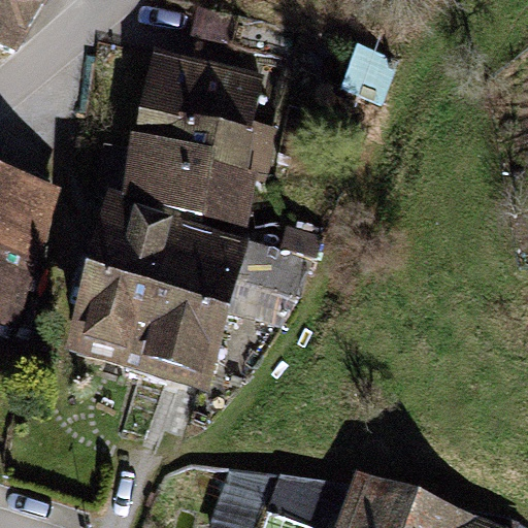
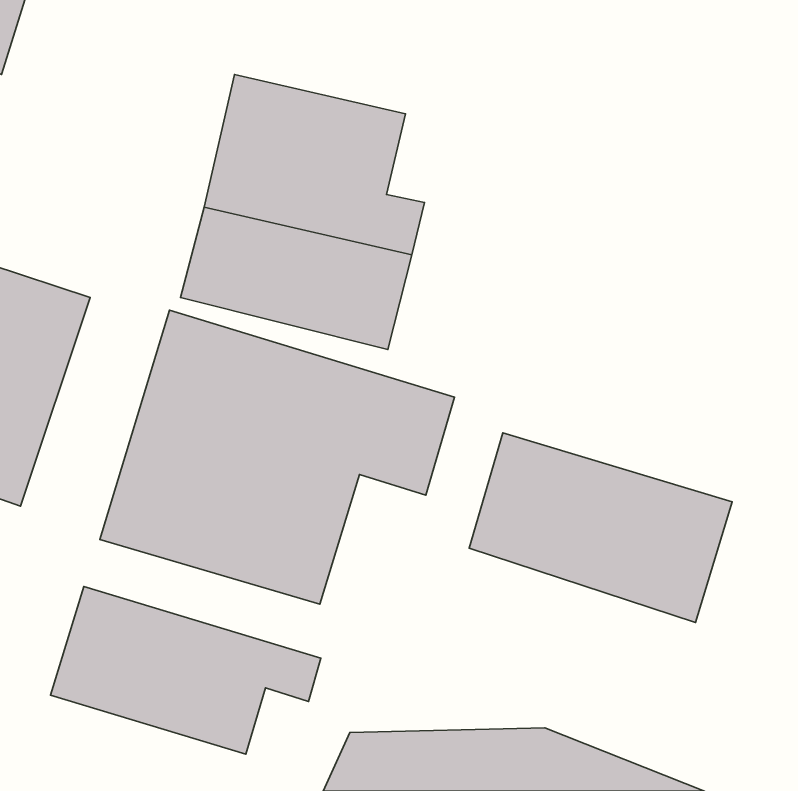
building: none -> [469,433,732,623]
building: none -> [50,586,321,754]

